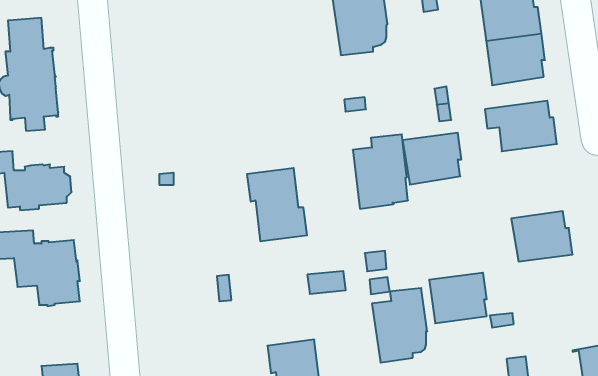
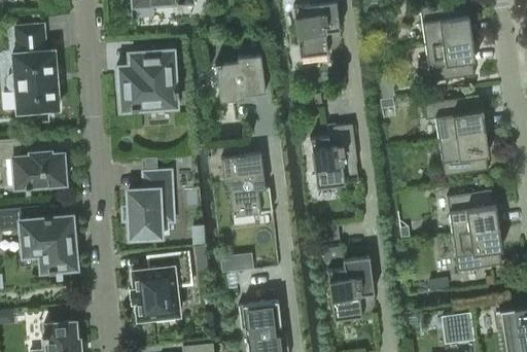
building: none -> [116,42,178,110]
building: none -> [199,56,265,103]
building: [403,133,461,185] -> [437,133,488,177]
building: none -> [128,173,171,238]
building: [307,271,346,294] -> [219,254,252,274]
building: [429,273,487,323] -> [452,227,501,271]
building: none -> [131,252,191,321]

